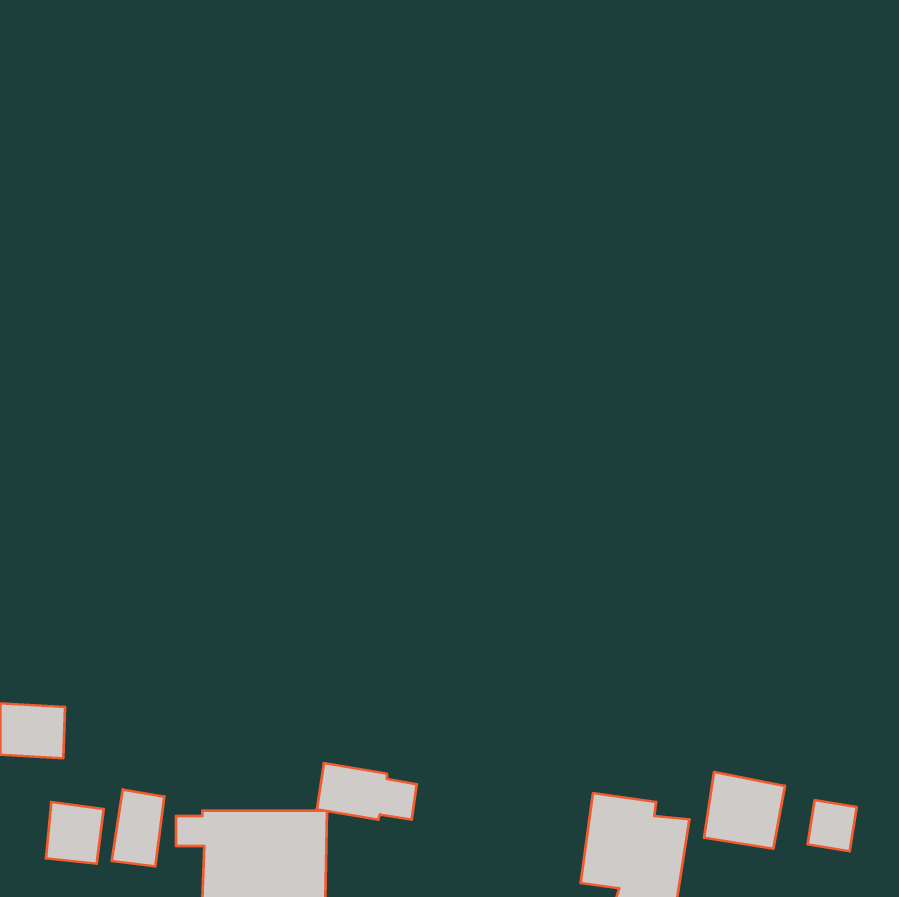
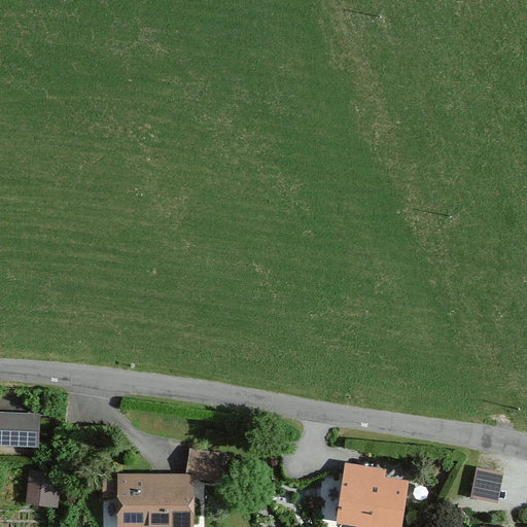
building: [704,772,785,849] -> none
building: [112,789,164,866] -> none

